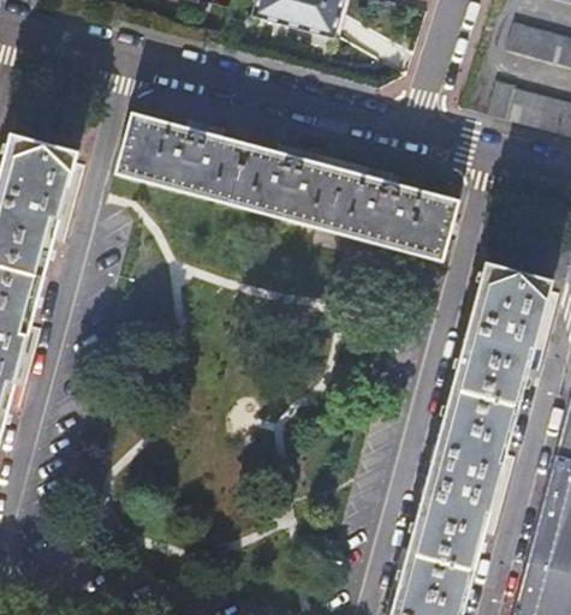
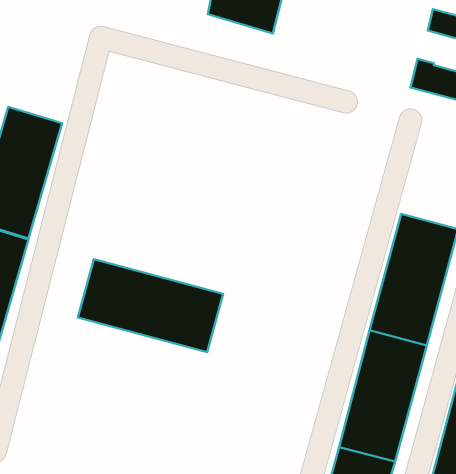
building: [114,112,456,261] -> none
building: none -> [78,259,223,352]

